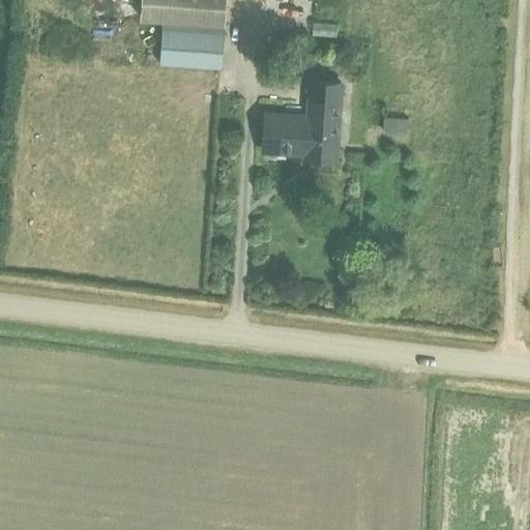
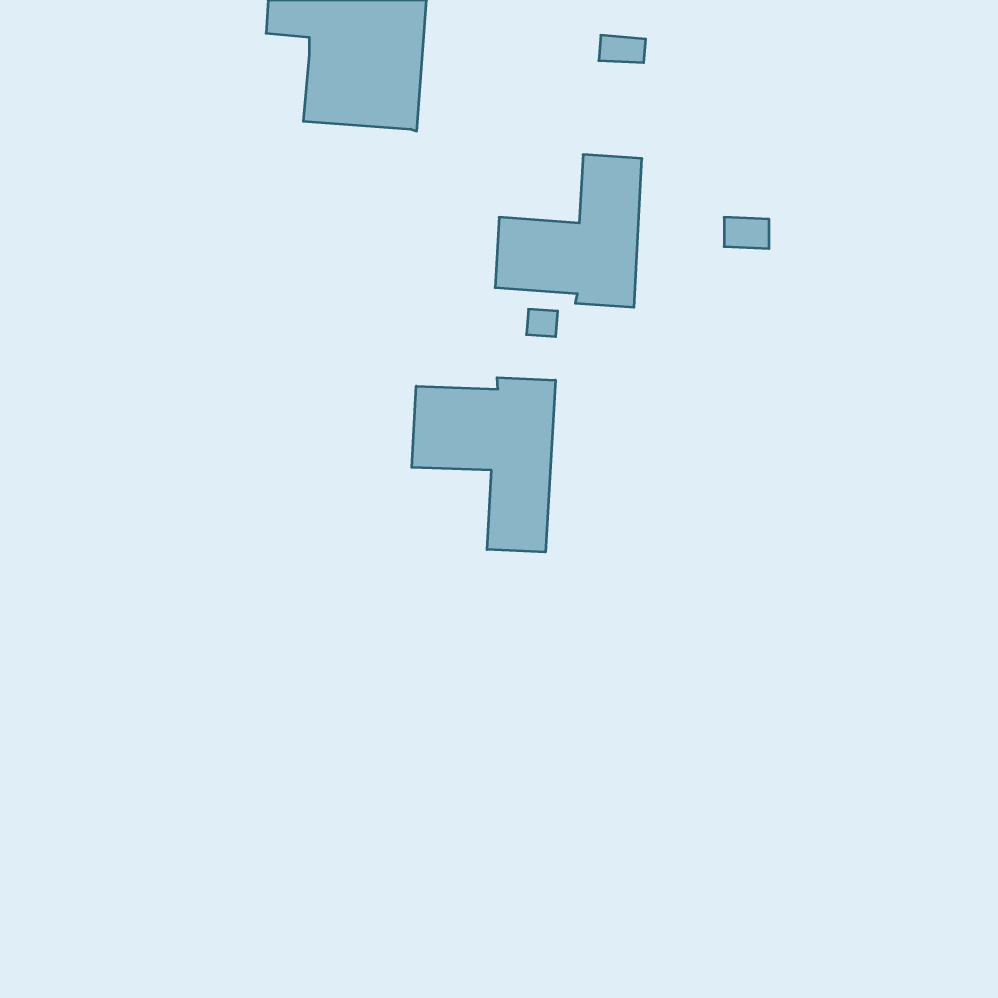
building: none -> [412,378,555,552]

